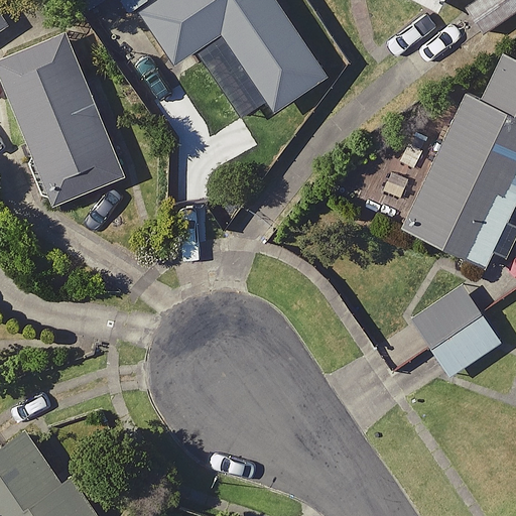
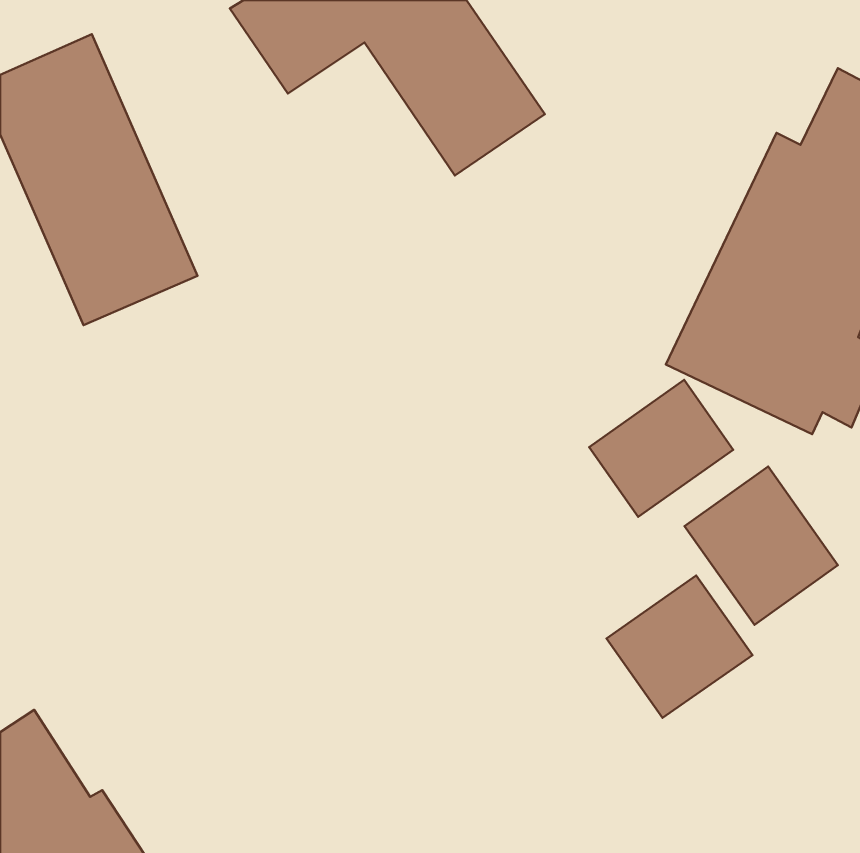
building: none -> [589,380,733,517]
building: none -> [606,576,752,718]

